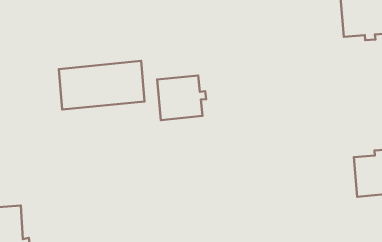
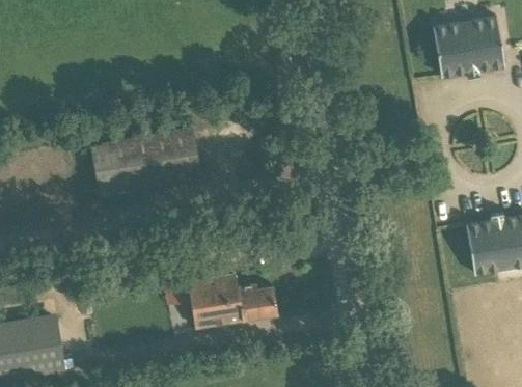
building: [157,75,206,120] -> none
building: none -> [174,229,278,328]

